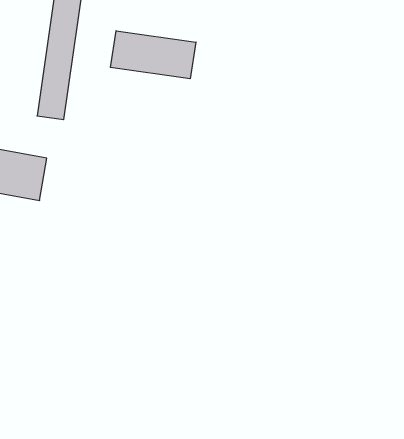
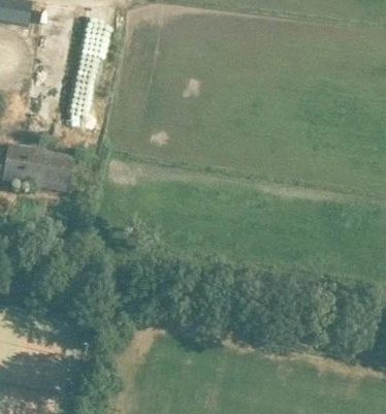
building: [110,31,196,79] -> none

